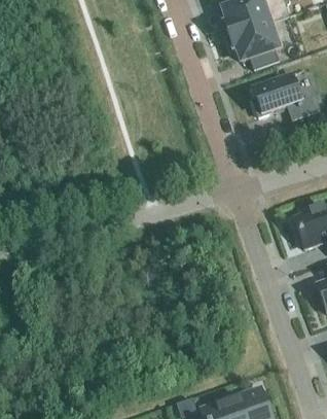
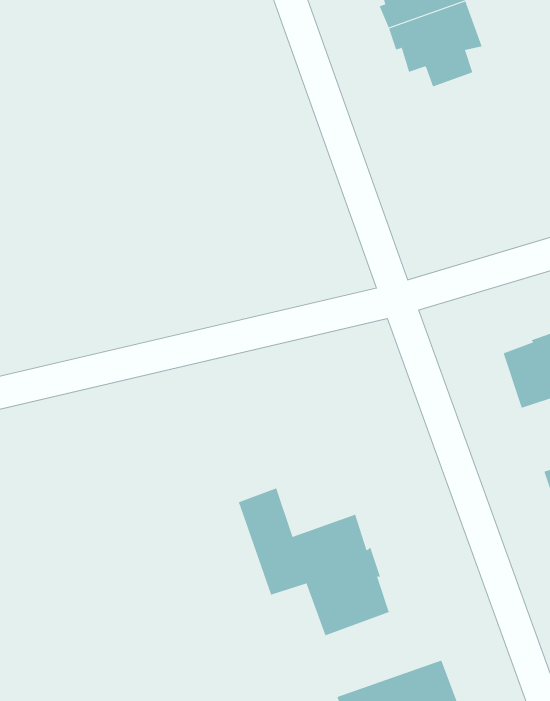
building: [252,73,316,119] -> none
building: none -> [238,488,389,636]

